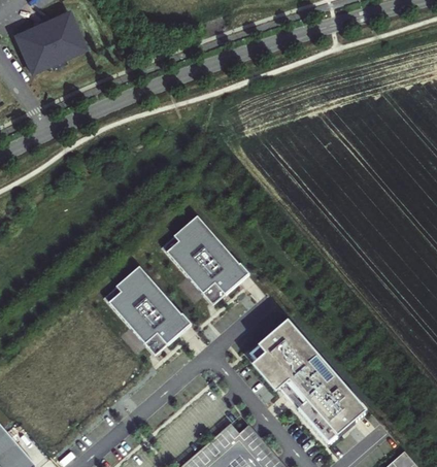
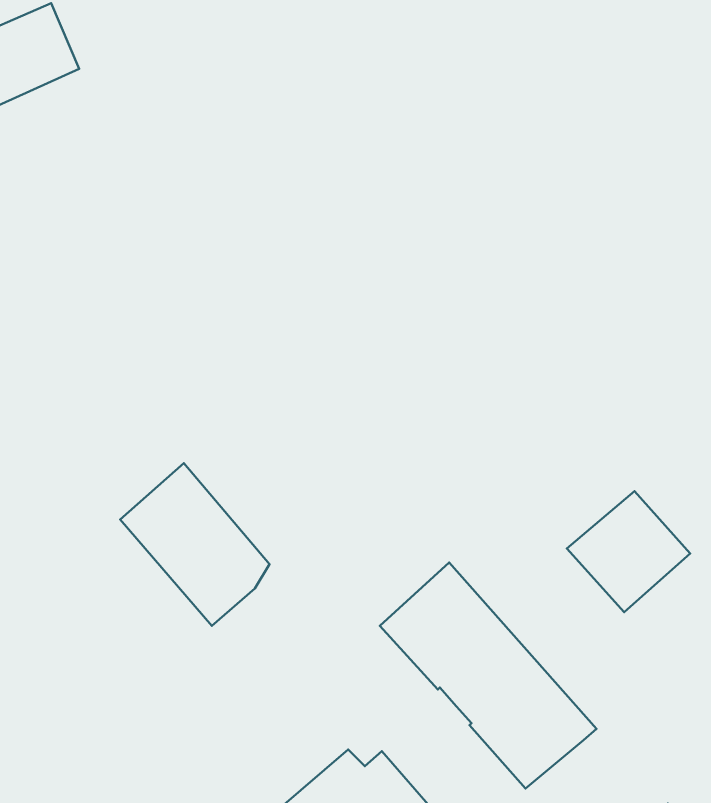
building: [162,215,244,305] -> none
building: none -> [567,491,690,612]

